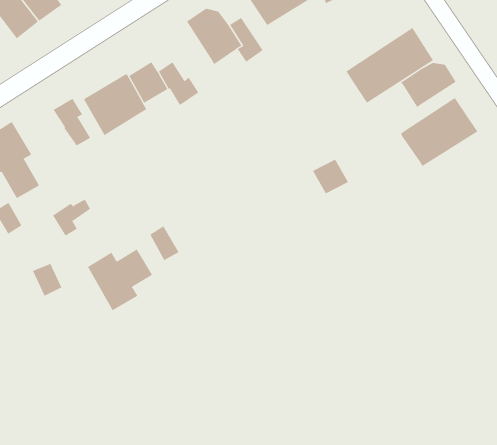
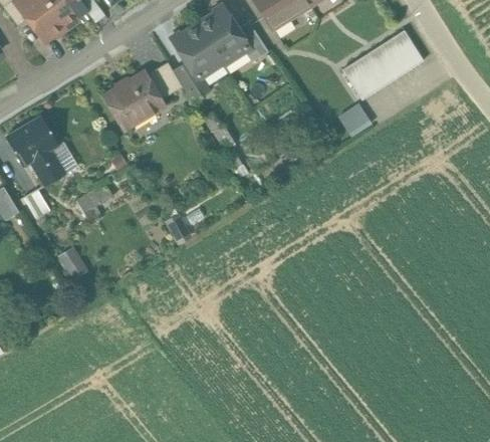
building: none -> [178,25,222,78]
building: [401,62,457,108] -> none
building: [401,97,478,167] -> none
building: [53,98,91,146] -> none
building: [312,159,349,194] -> [337,101,371,134]
building: [87,249,153,311] -> none

